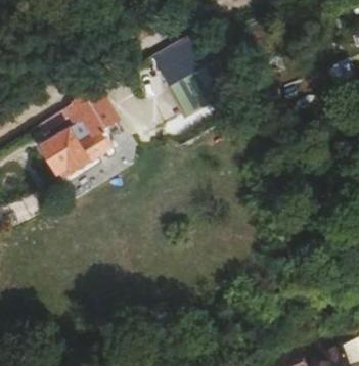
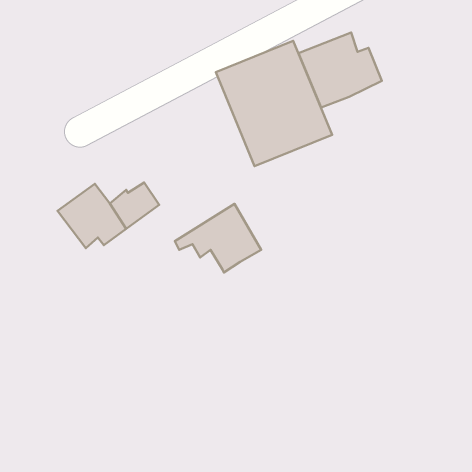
building: none -> [298,33,382,107]
building: [57,90,117,137] -> [175,204,261,272]

